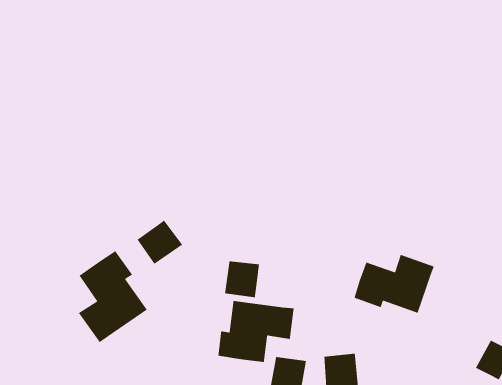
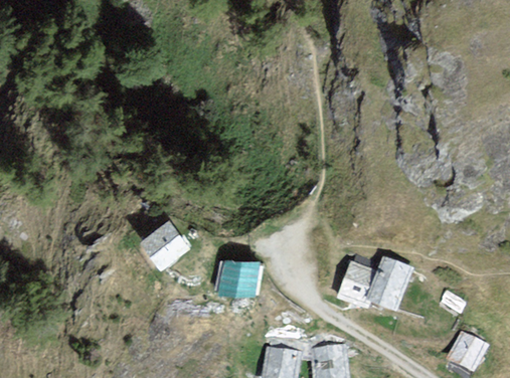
building: [78,250,148,343] -> none
building: [217,300,294,363] -> none

